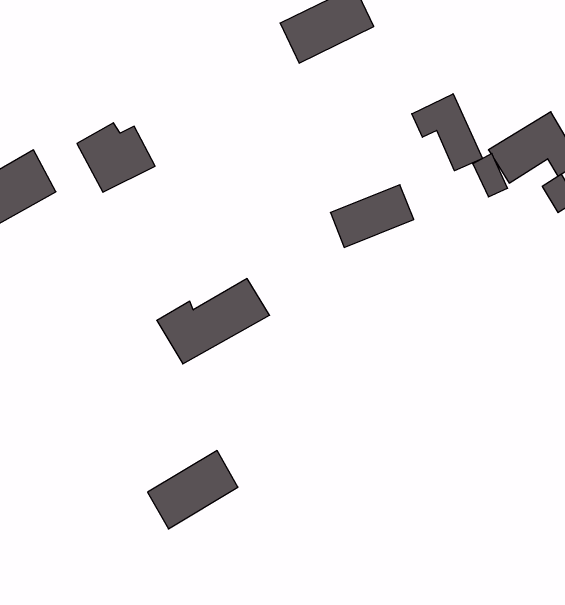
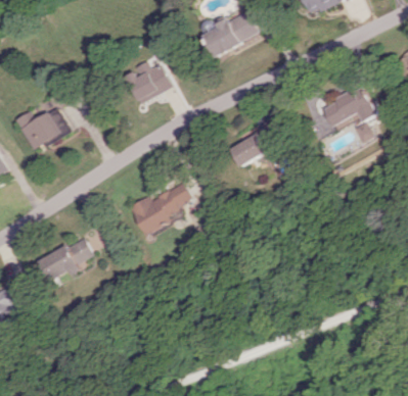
building: [412,94,482,171] -> none
building: [77,123,155,192] -> [124,62,170,103]
building: [148,451,238,529] -> [40,236,93,282]

